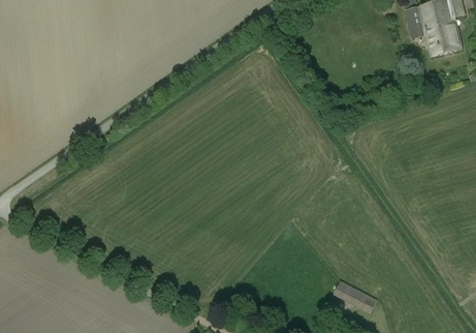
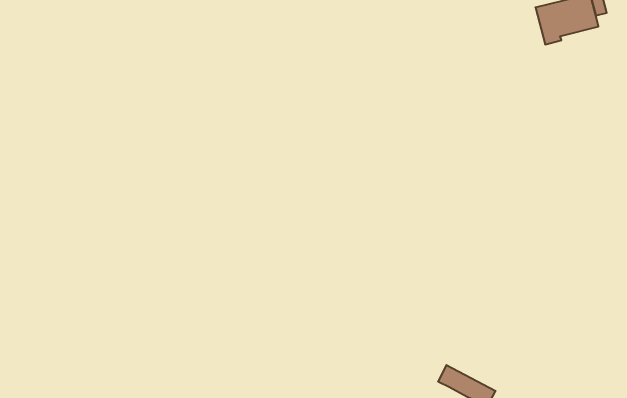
building: [424,25,459,55] -> none

